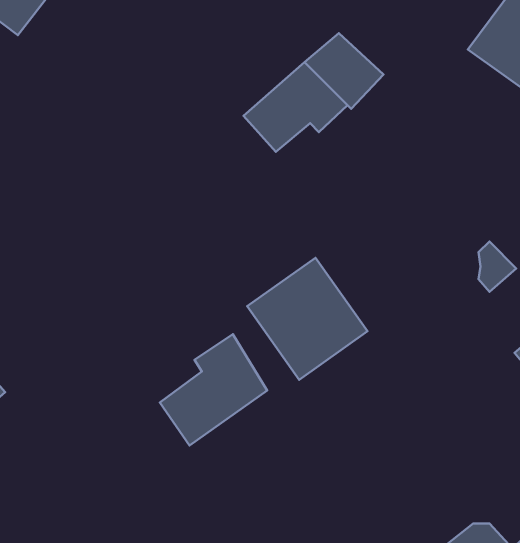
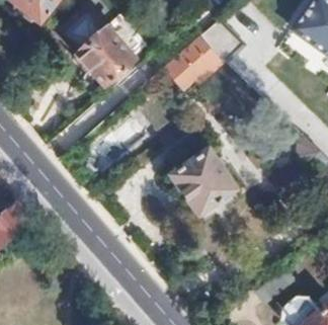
building: none -> [58,6,135,86]
building: [160,334,267,445] -> none

